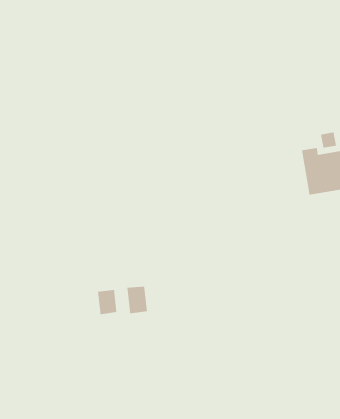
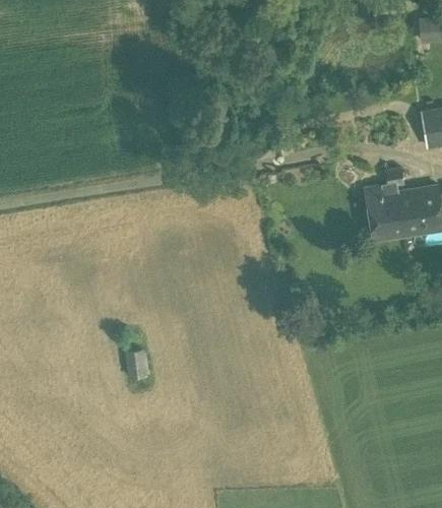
building: [127,286,147,314] -> none

